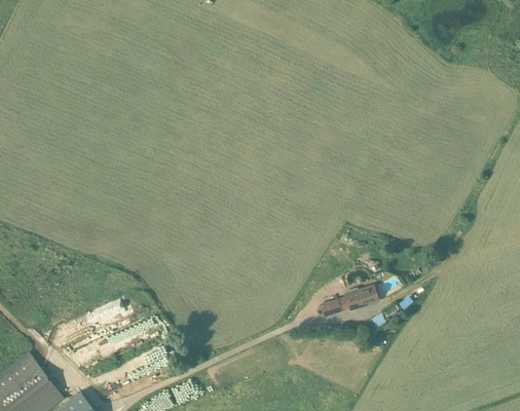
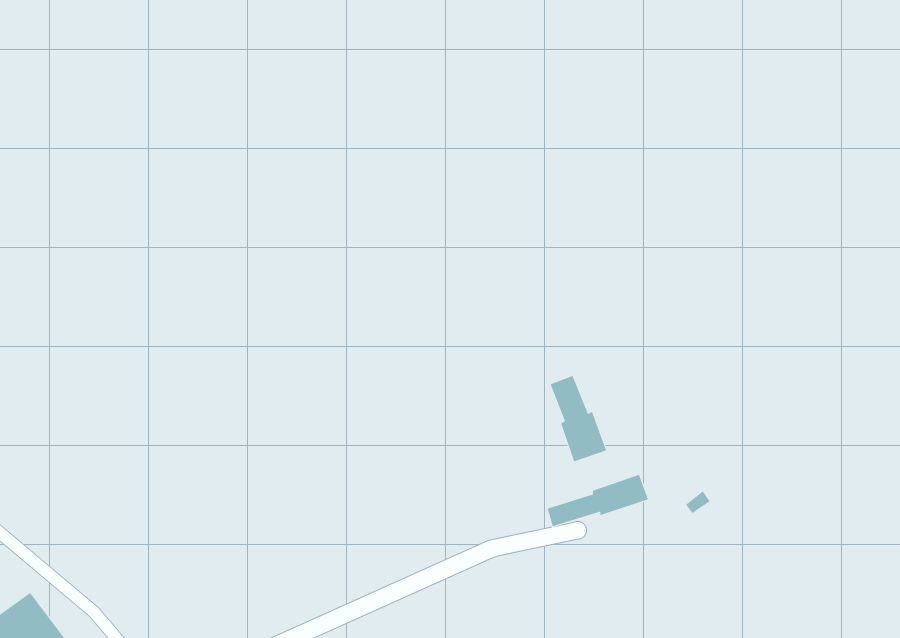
building: none -> [550,375,607,462]

